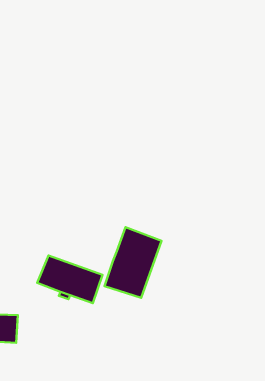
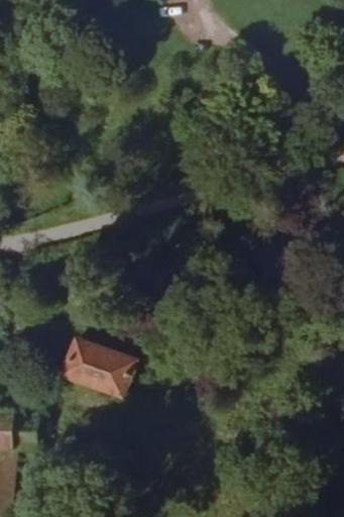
building: [105,227,162,298] -> none

